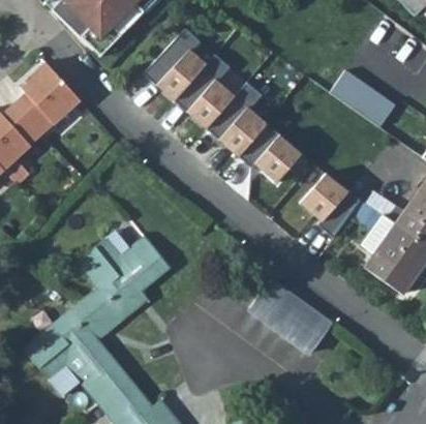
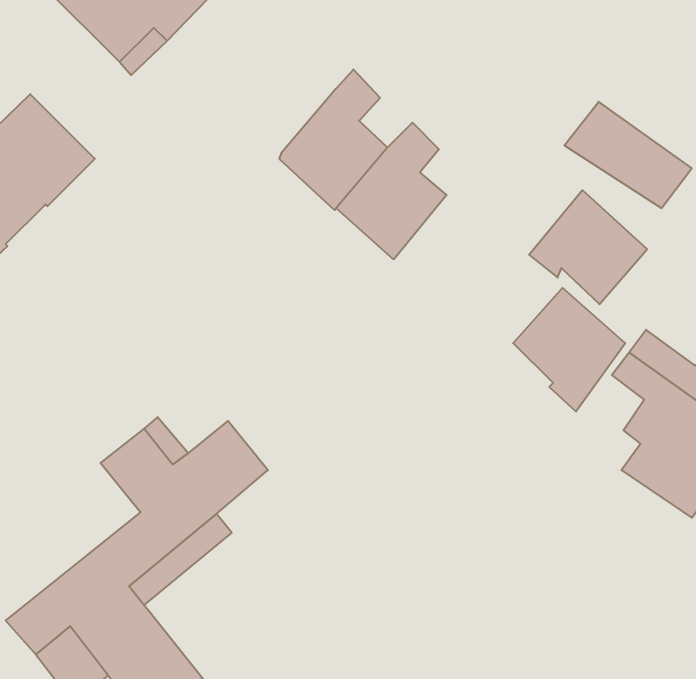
building: [144,28,206,96] -> none
building: [237,119,301,181] -> [529,190,647,304]
building: [252,281,331,355] -> none

